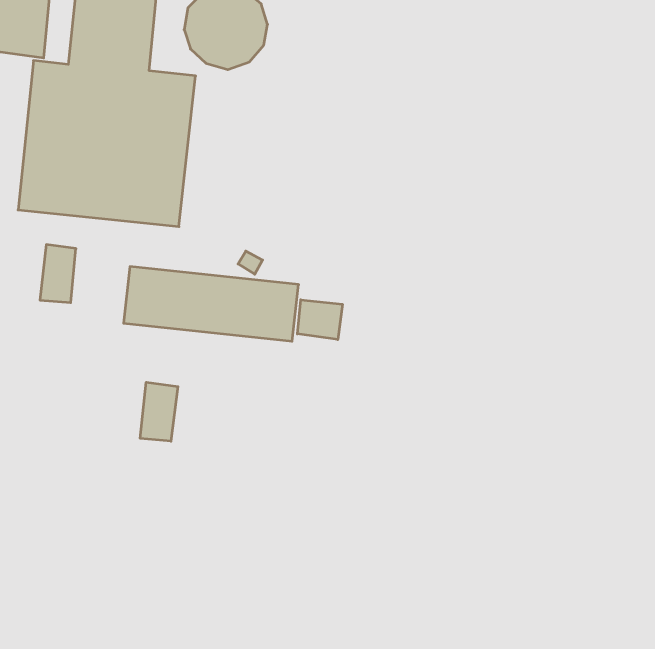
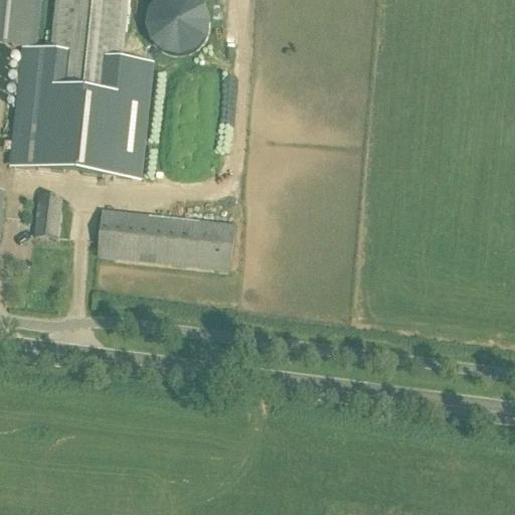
building: [297,300,342,340] -> none
building: [140,382,178,441] -> none

